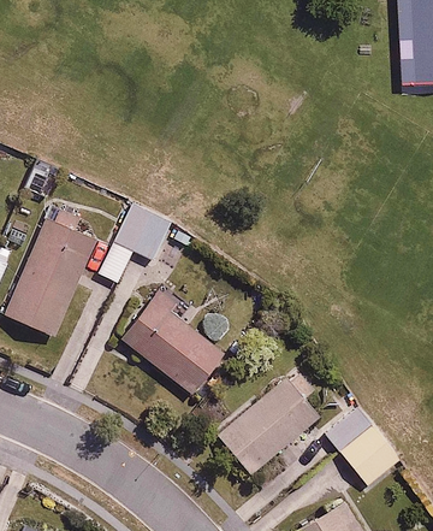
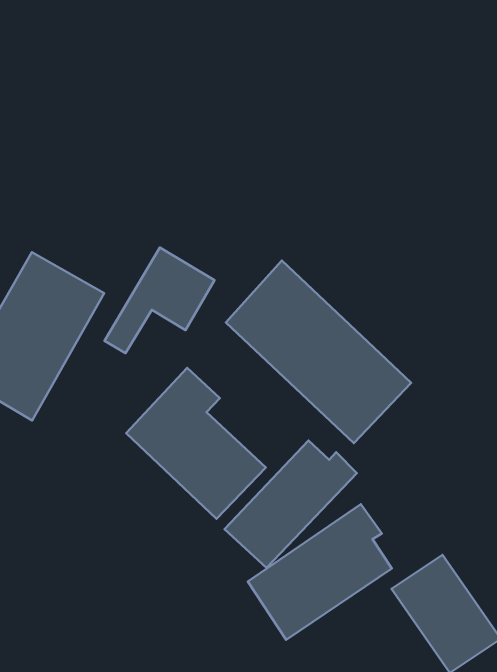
building: none -> [226,260,411,443]
building: none -> [225,441,357,568]

